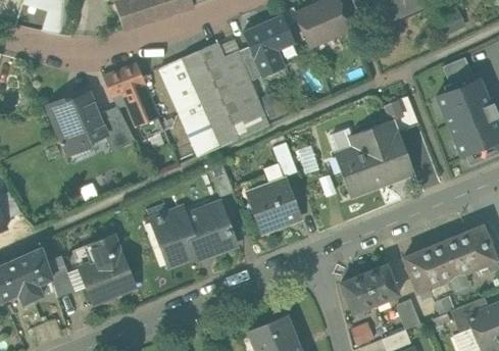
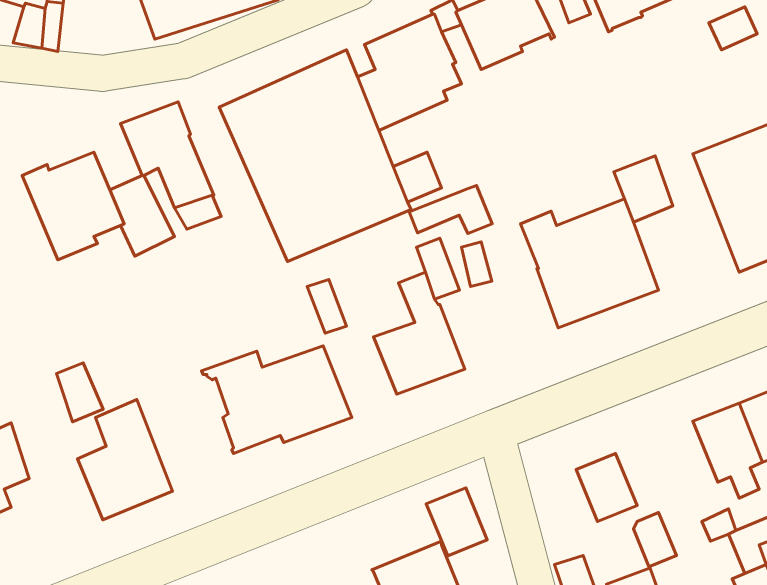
building: none -> [409,186,492,234]
building: [403,246,444,298] -> none
building: [49,263,76,297] -> [56,363,103,422]
building: [341,273,376,312] -> [426,488,487,556]

